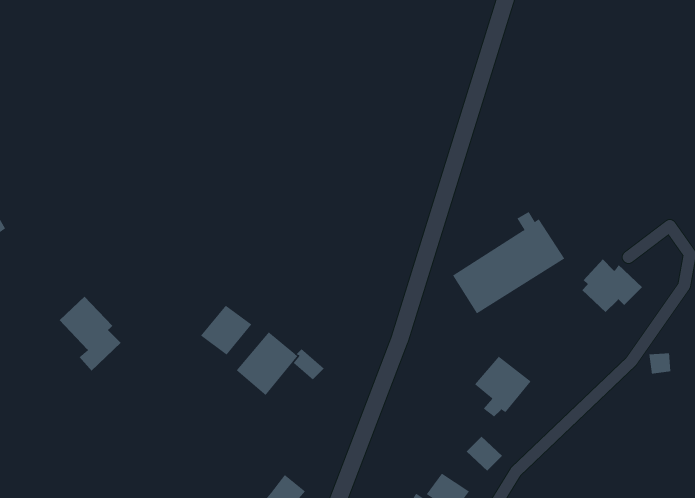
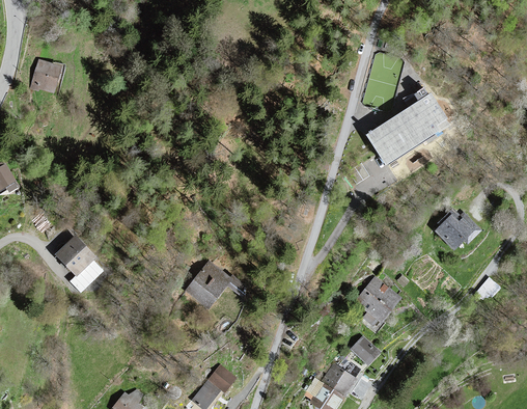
building: none -> [31,60,59,91]
building: [452,211,565,314] -> [367,88,449,163]
building: [200,305,252,355] -> none

